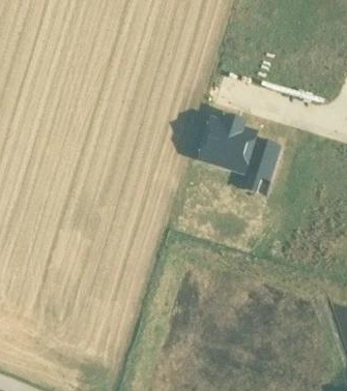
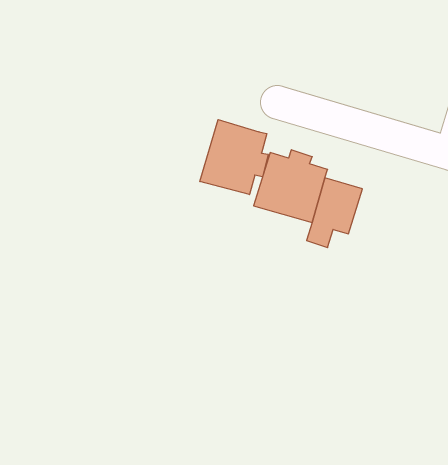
building: none -> [200,120,268,195]

